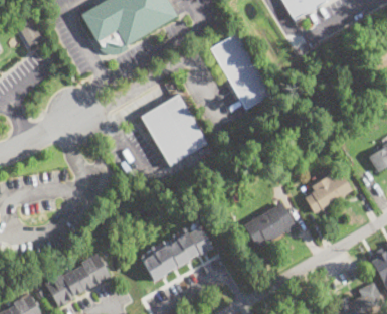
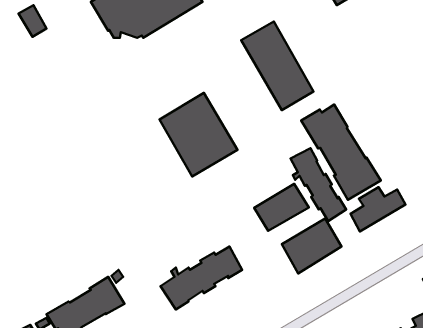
building: none -> [301,104,381,200]
building: none -> [291,148,346,221]
building: none -> [254,184,309,231]

